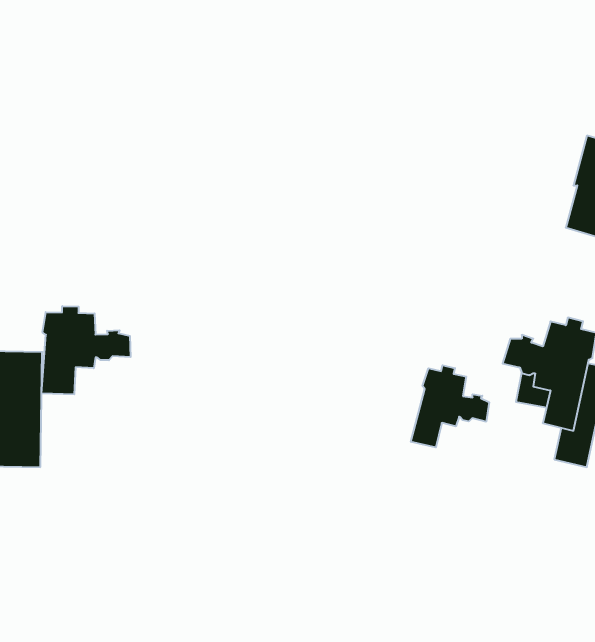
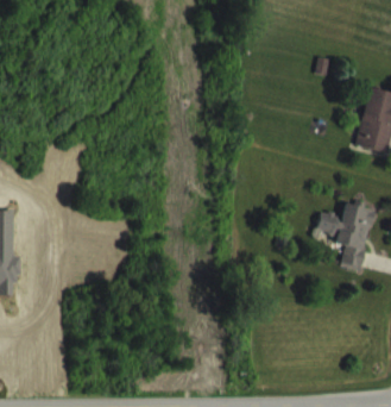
building: [42,306,131,394] -> none
building: [411,365,489,447] -> none

